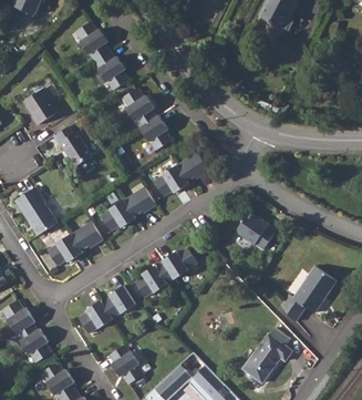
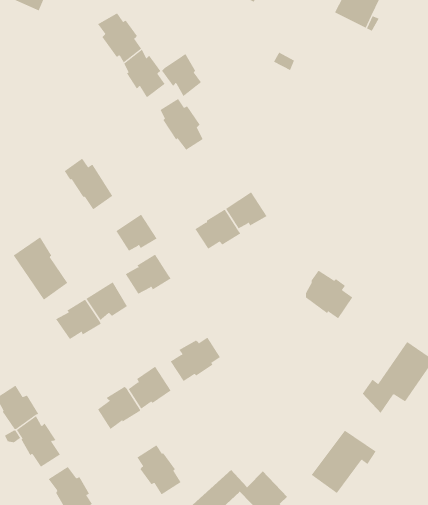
building: [23,88,58,124] -> none
building: [144,110,175,143] -> [161,53,202,97]
building: [123,186,155,215] -> [115,214,158,252]
building: [161,247,196,279] -> none

